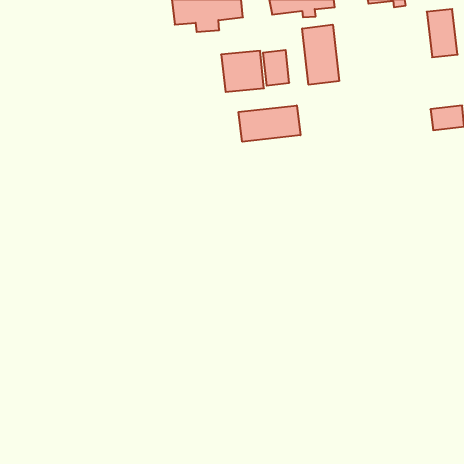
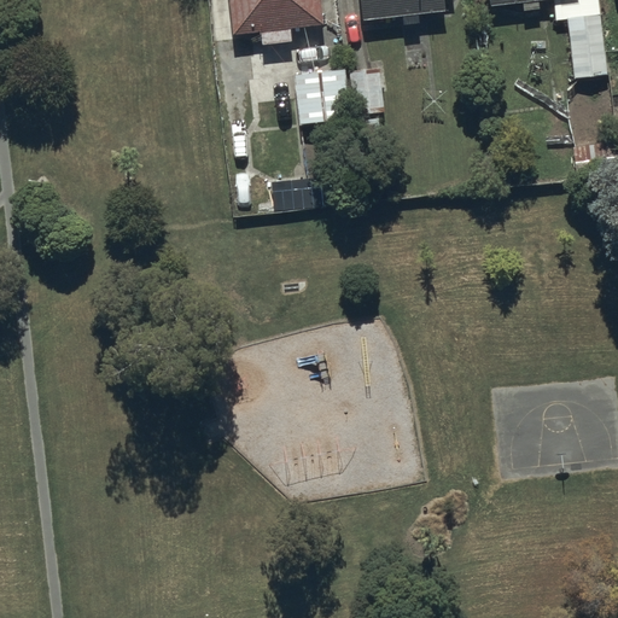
building: [302,25,339,85] -> none
building: [239,105,300,142] -> none

